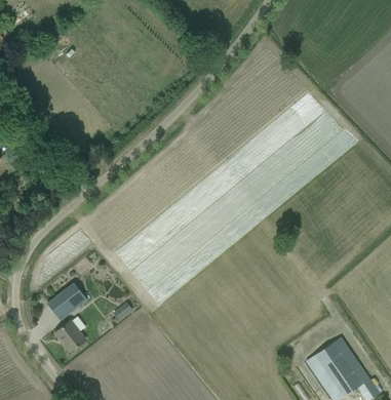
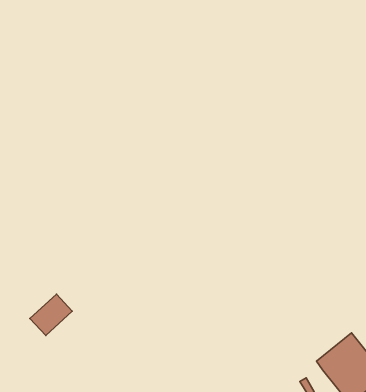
building: [53,320,85,351] -> none

